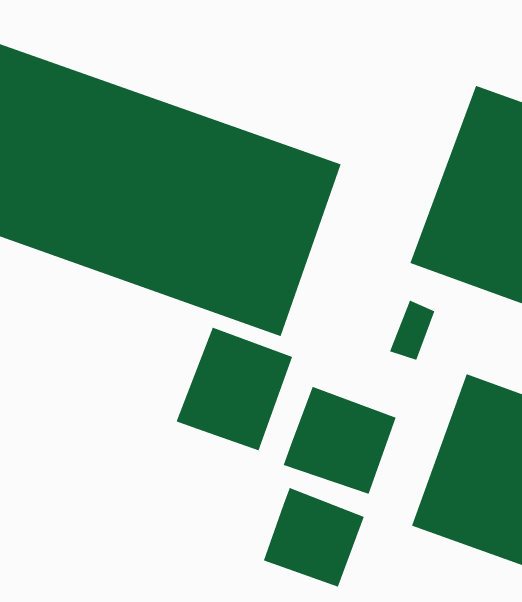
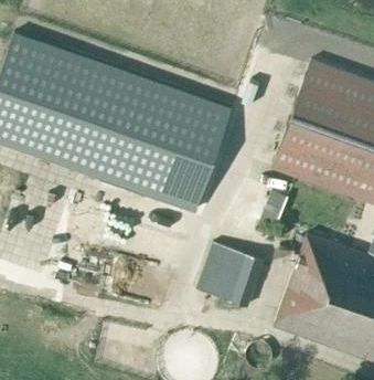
building: [176,327,293,451] -> none
building: [263,487,364,588] -> none

